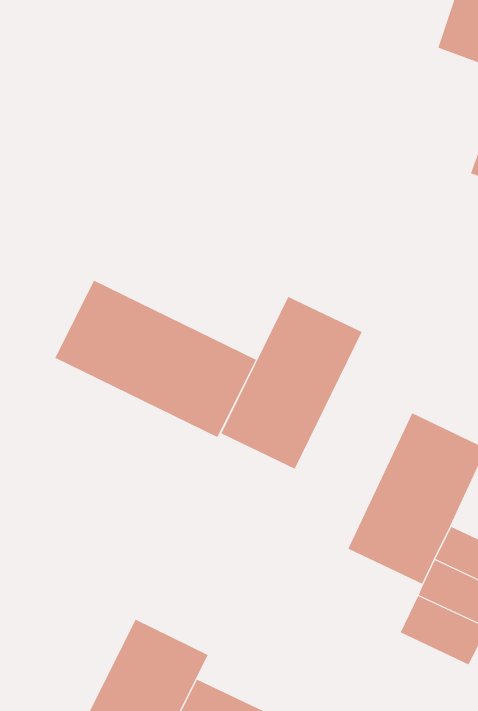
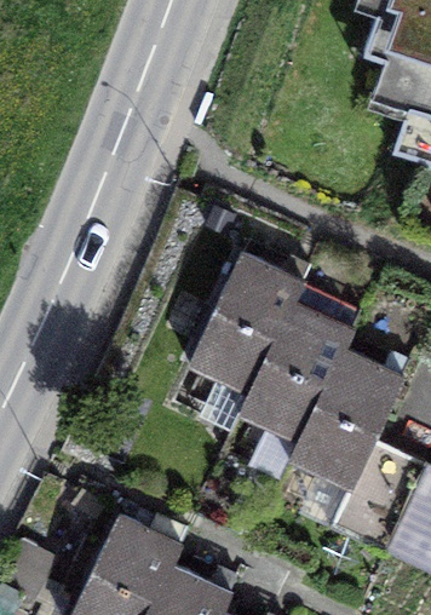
building: [55,280,257,438] -> none
building: none -> [241,282,354,439]

